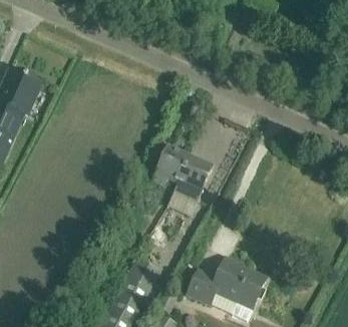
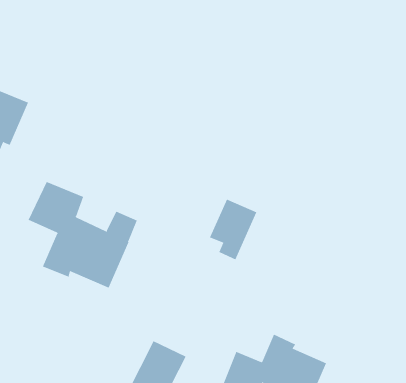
building: none -> [28,181,138,289]
building: [151,144,190,186] -> none

